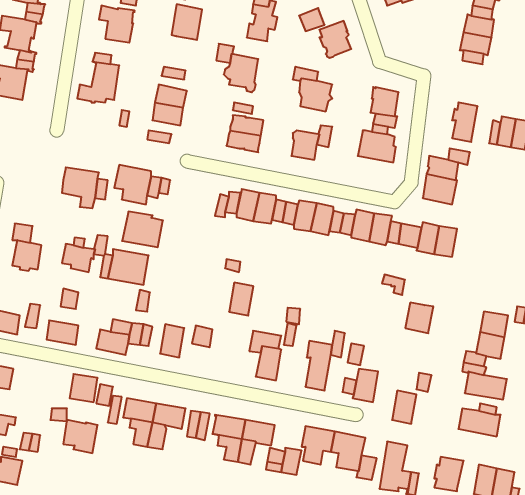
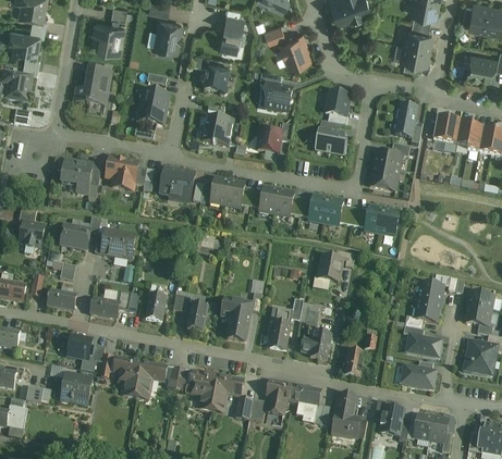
building: [122,212,163,247] -> [159,168,194,198]
building: [229,283,253,316] -> [186,302,207,331]
building: [405,303,433,333] -> [318,256,342,282]

